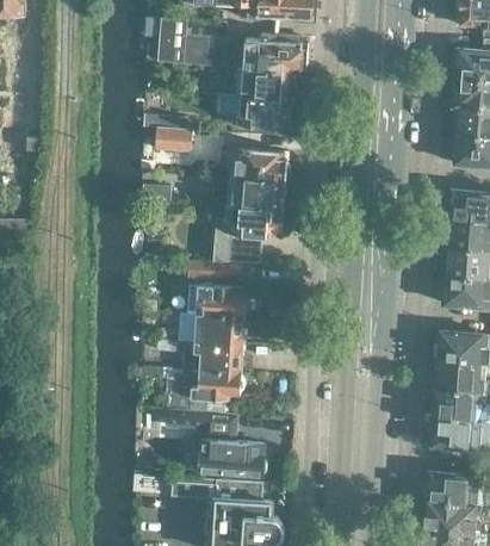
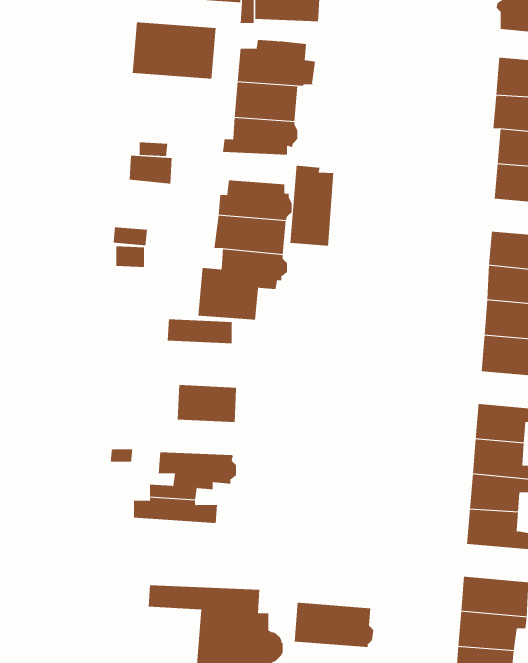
building: none -> [290,165,334,247]
building: [197,285,250,318] -> none
building: [170,330,243,372] -> none
building: [201,439,267,476] -> [294,602,374,648]

